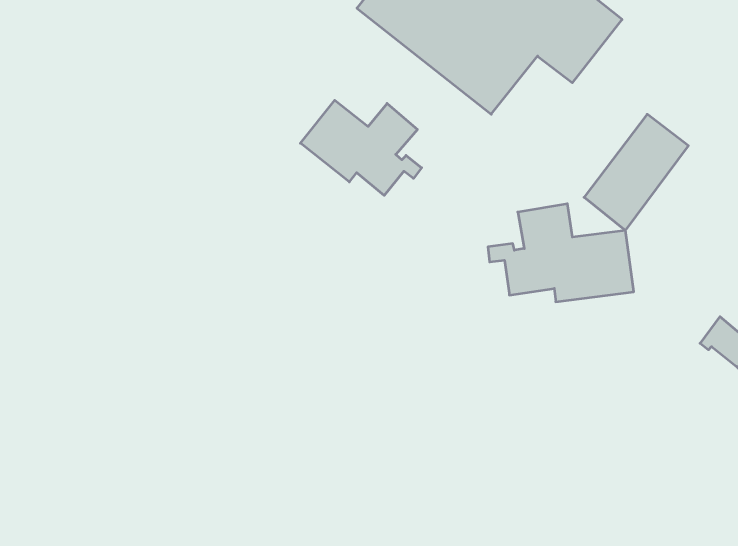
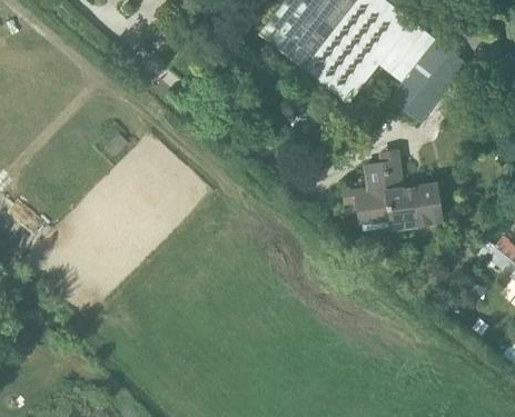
building: [300,100,422,195] -> none
building: [584,114,688,230] -> [394,41,464,119]

